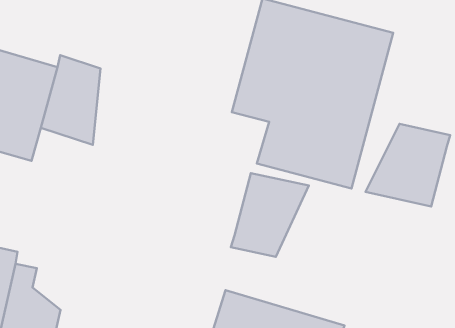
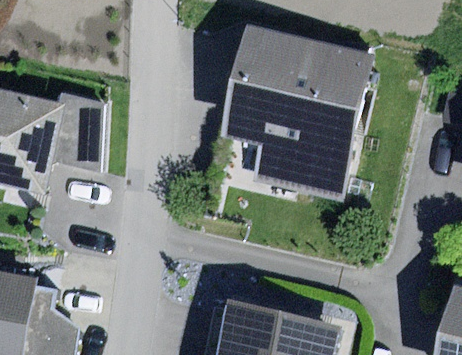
building: [366,124,450,206] -> none
building: [231,173,309,257] -> none

